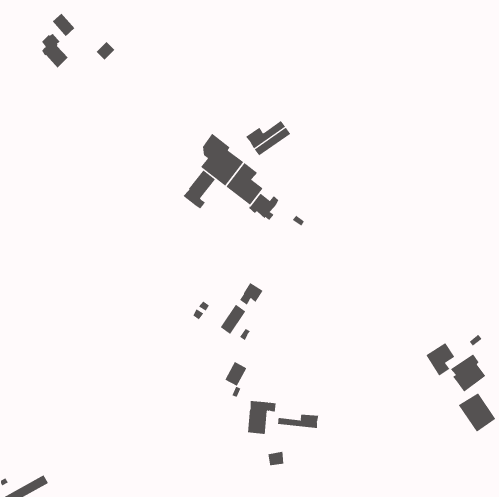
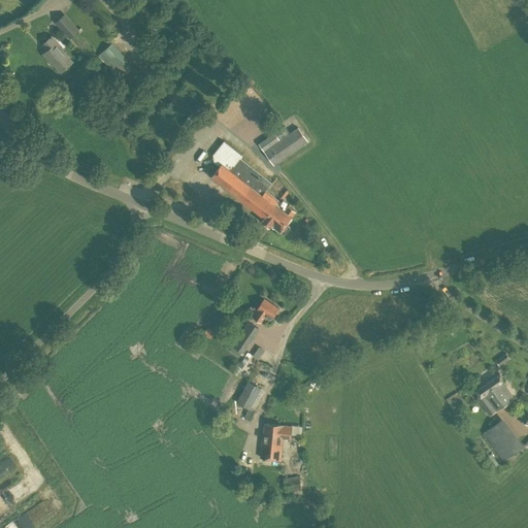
building: [183,170,216,210] -> none
building: [425,342,455,376] -> none
building: [277,414,319,429] -> none

